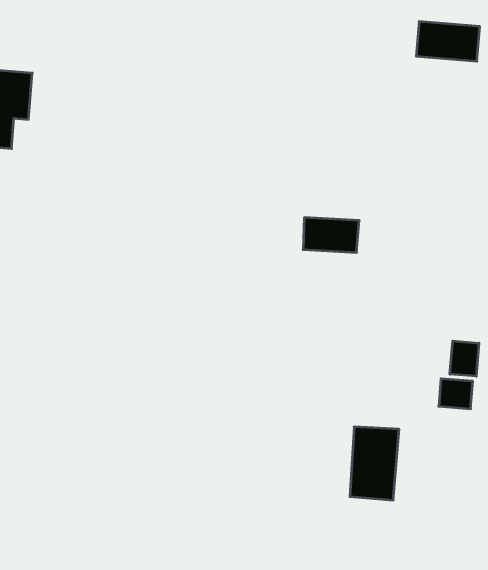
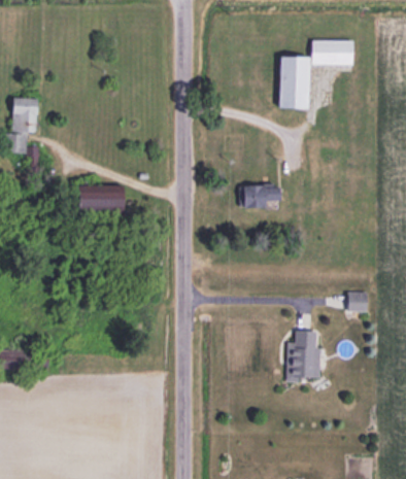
building: none -> [278,56,307,107]
building: none -> [73,191,121,212]
building: [450,341,479,376] -> none

